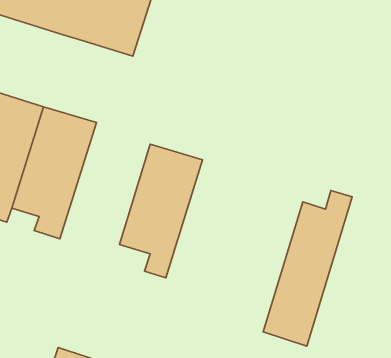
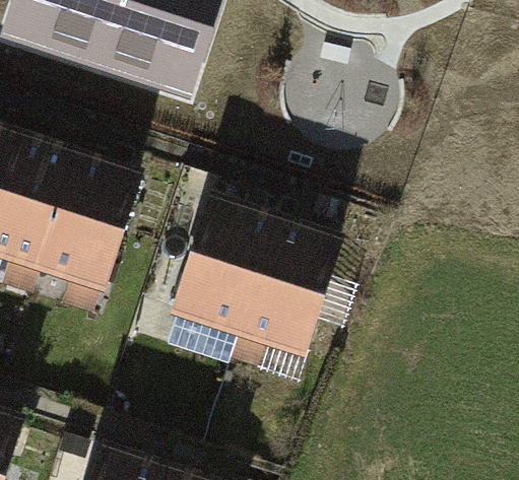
building: none -> [226,221,335,375]
building: [263,191,352,346] -> none

